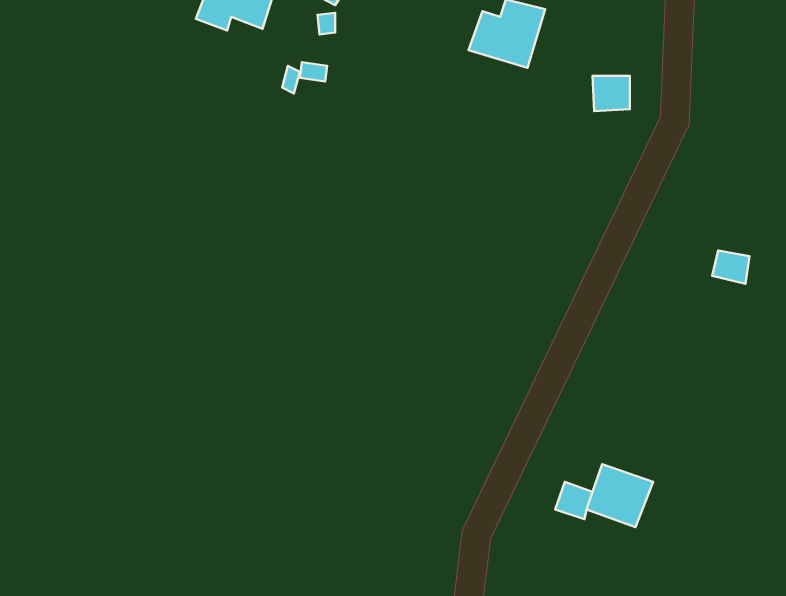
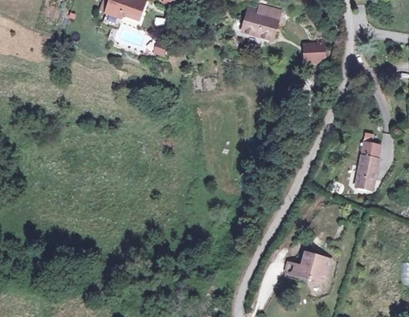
building: none -> [357,152,380,186]

